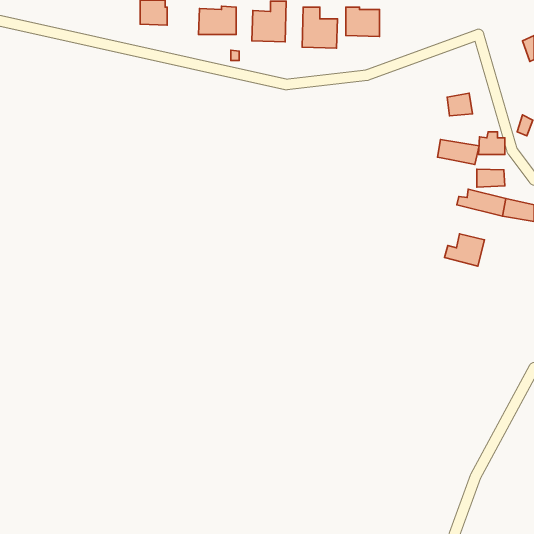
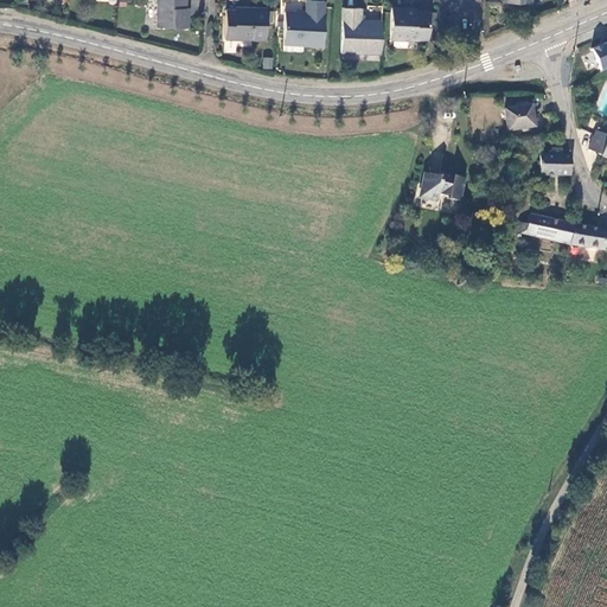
building: [437,139,479,165] -> [417,173,465,202]
building: [477,169,505,187] -> none
building: [444,234,485,266] -> none

